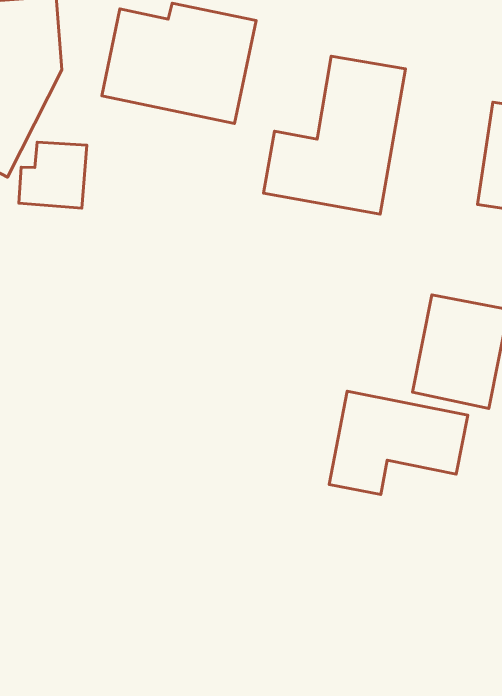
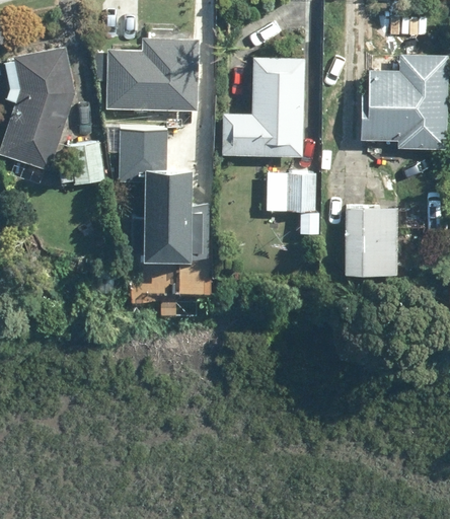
building: none -> [120,120,208,249]
building: none -> [266,173,315,214]
building: [329,391,468,495] -> none

